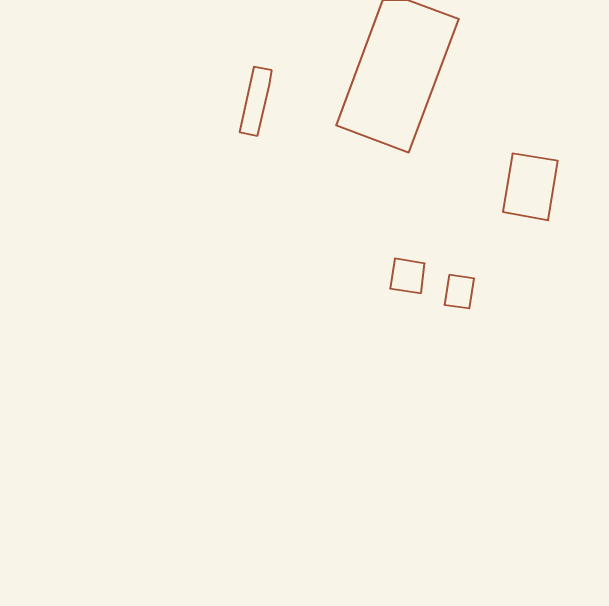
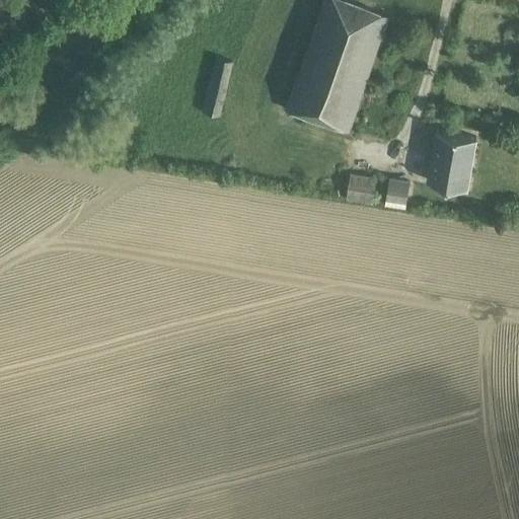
building: [390,259,425,293] -> [347,174,376,204]
building: [444,275,474,308] -> [385,180,411,209]

